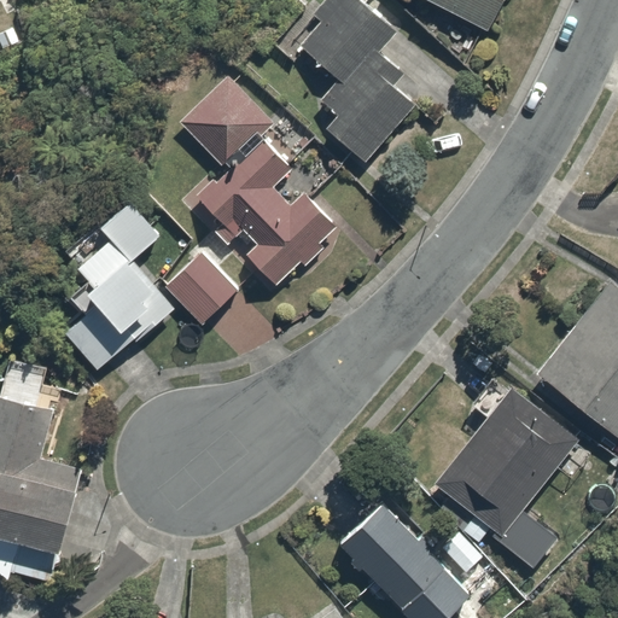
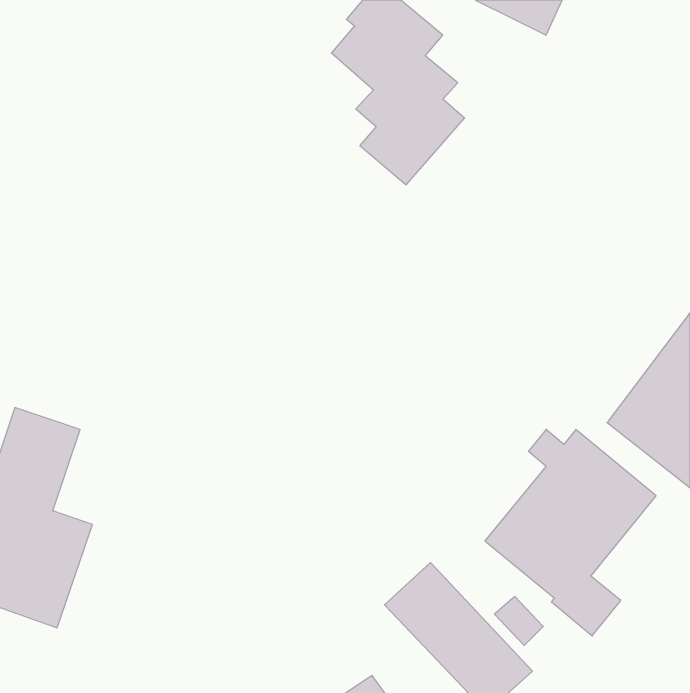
building: [171,69,342,290] -> none
building: [54,193,173,373] -> none
building: [162,246,240,325] -> none

